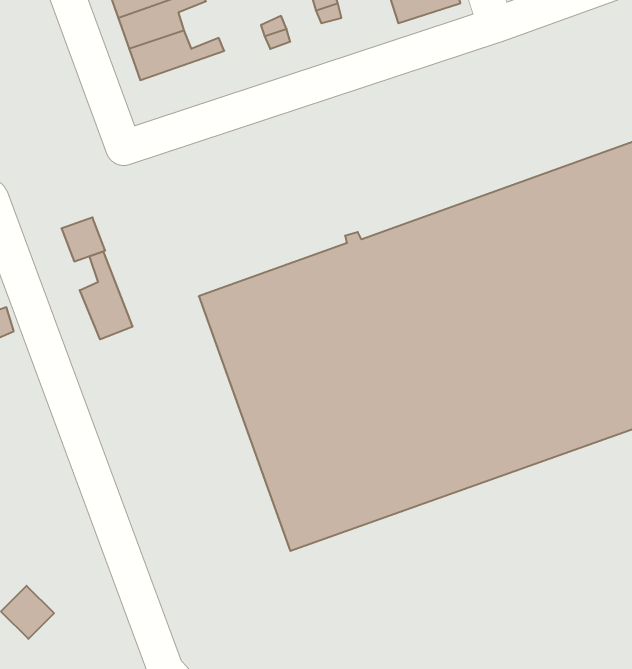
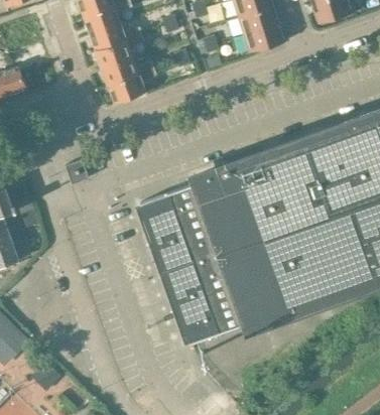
building: none -> [108,67,156,103]
building: [80,252,133,339] -> none

